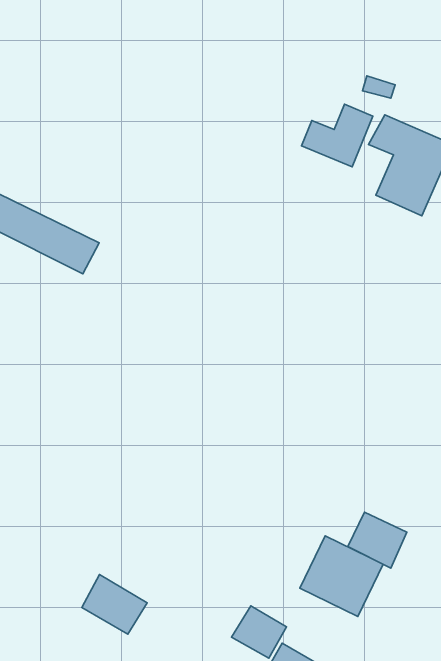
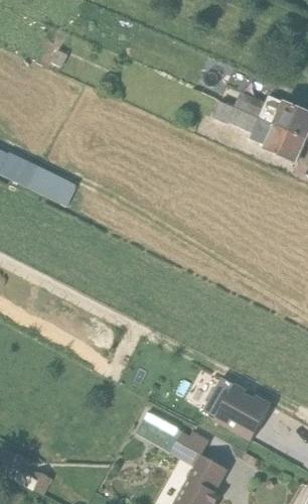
building: [348,512,407,568] -> none
building: [82,575,147,634] -> [135,410,179,451]

